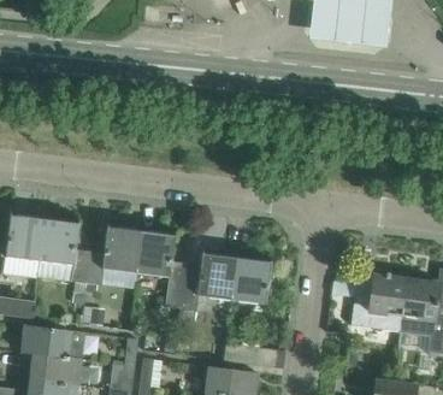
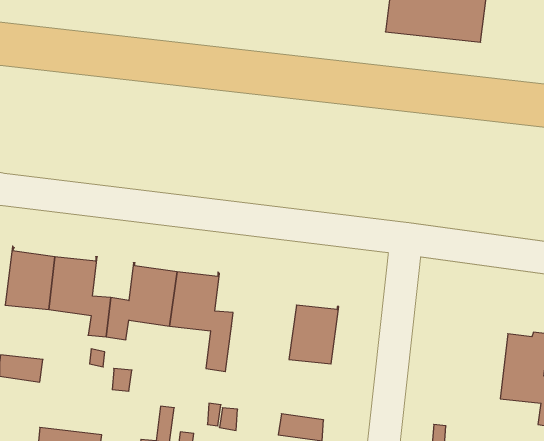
building: [181,248,237,311] -> none
building: [350,272,406,331] -> none
building: [20,324,85,360] -> none

